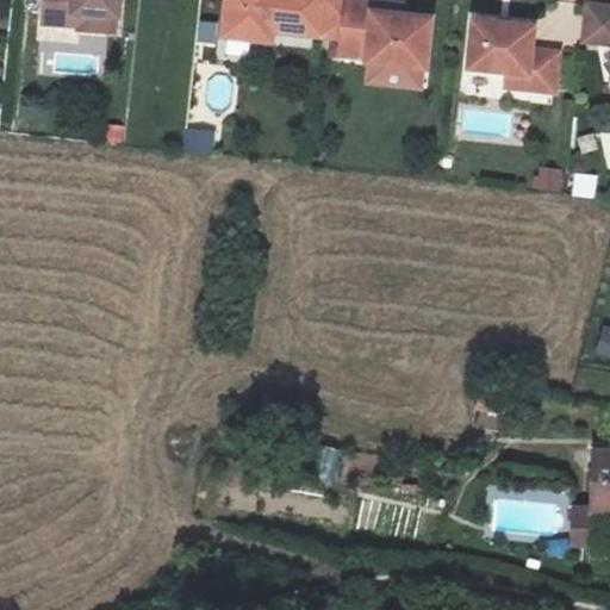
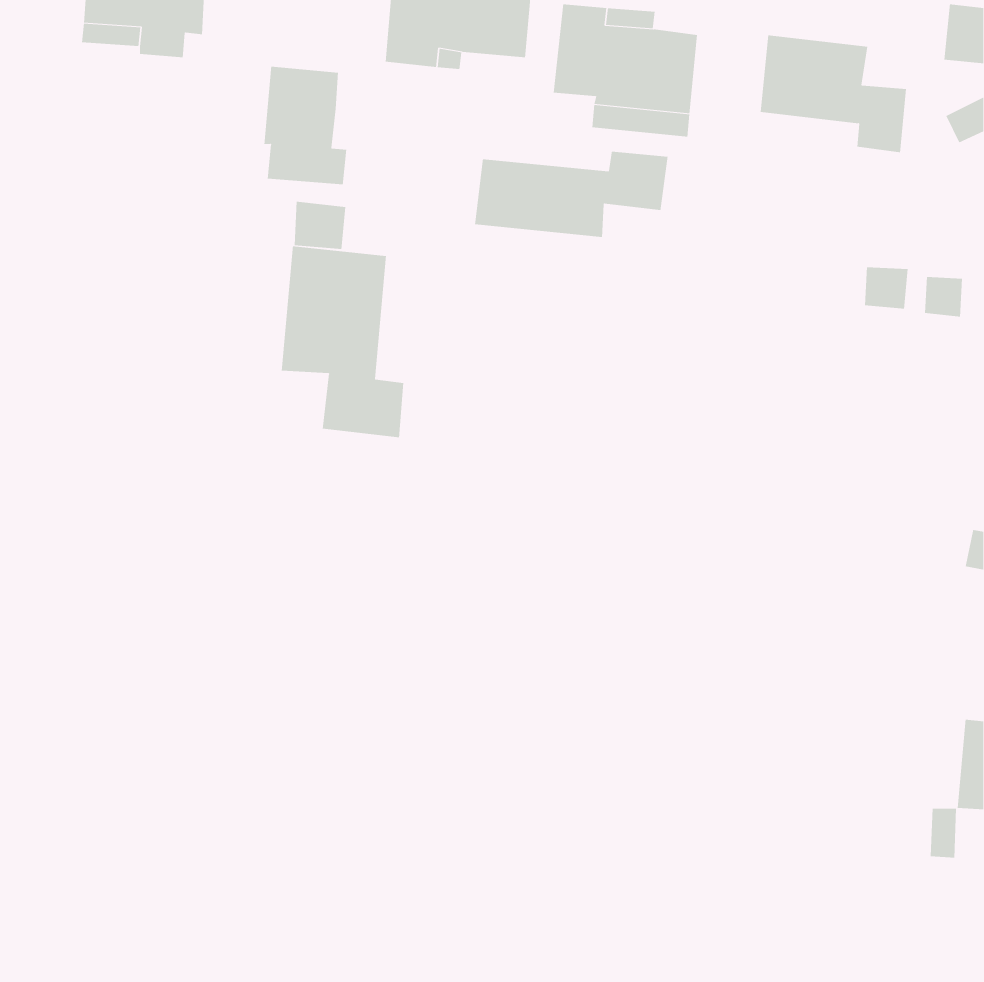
building: none -> [264,66,347,185]
building: none -> [474,151,668,238]
building: none -> [281,245,404,438]

